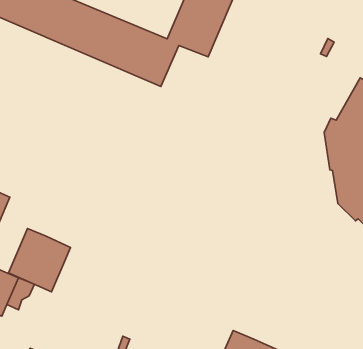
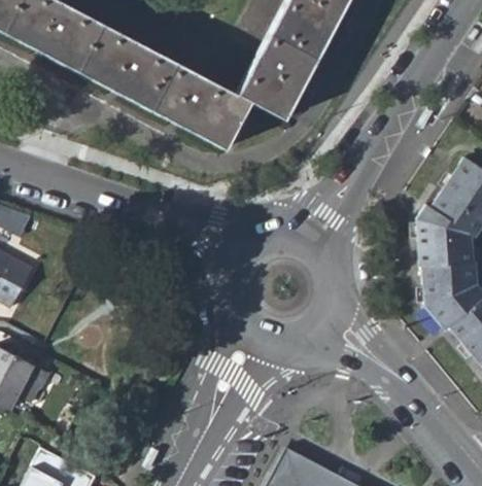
building: [8,229,71,292] -> none

